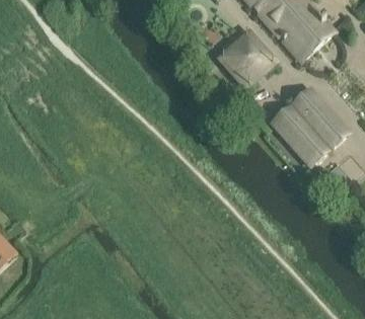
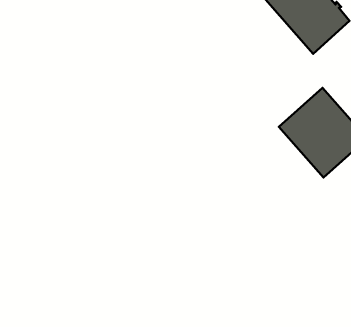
building: [220,33,270,84] -> none

